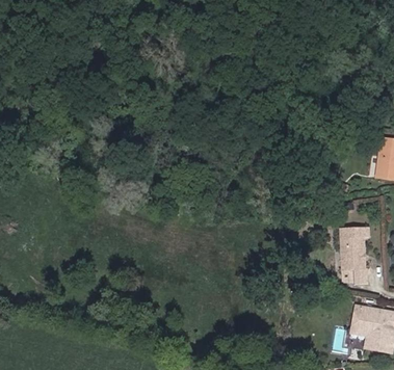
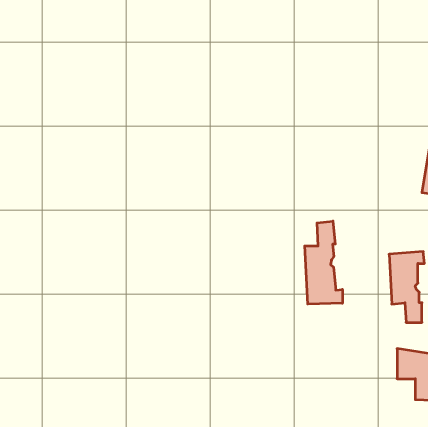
building: none -> [305,221,342,304]

